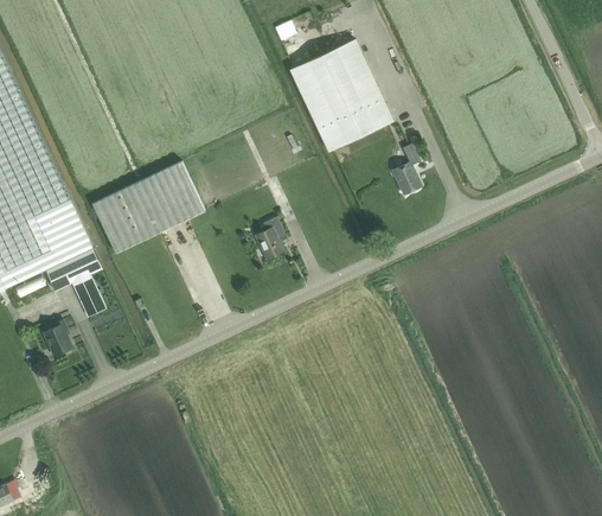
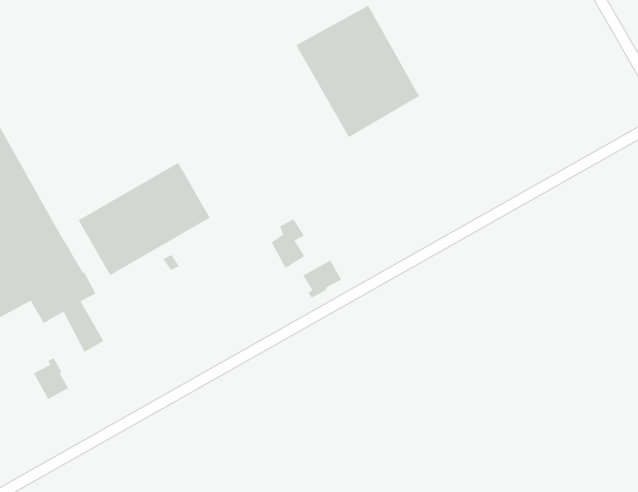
building: [392,144,421,195] -> none
building: none -> [303,260,342,299]

